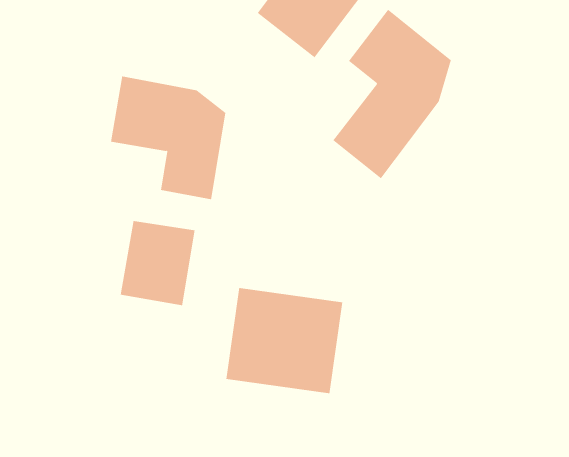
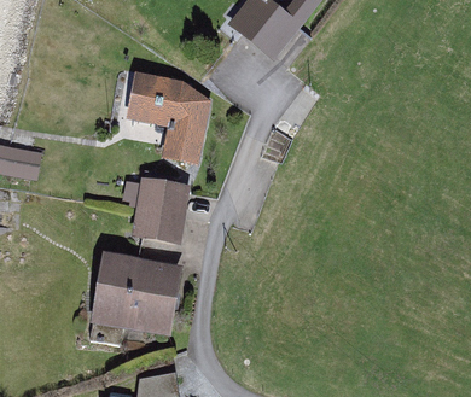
building: [332,9,452,179] -> none
building: [226,288,343,394] -> [91,253,179,333]

